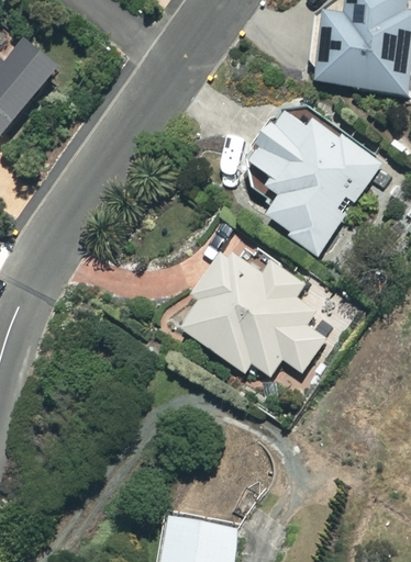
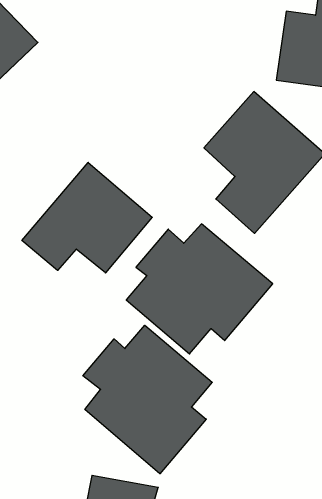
building: none -> [22,162,152,273]
building: none -> [83,325,212,474]

